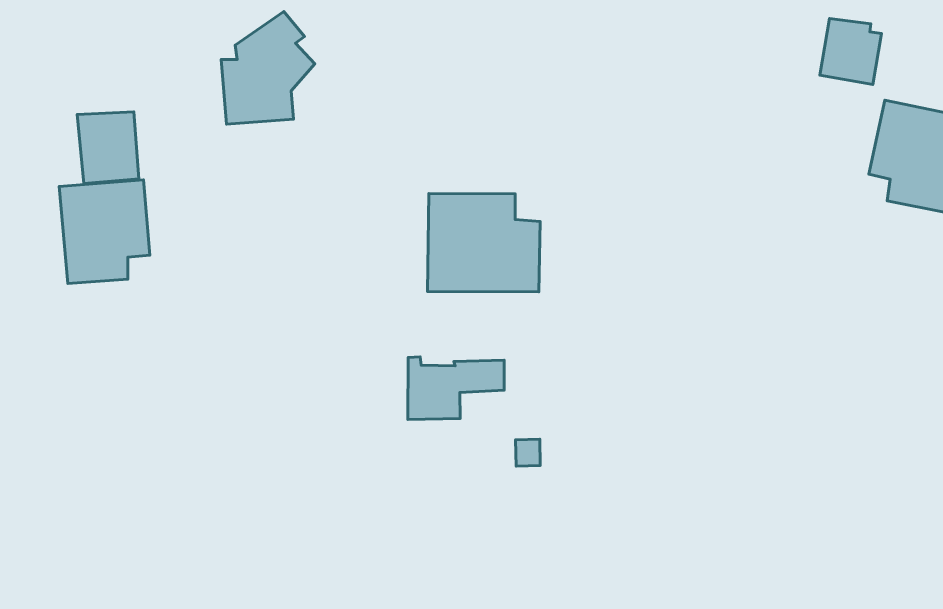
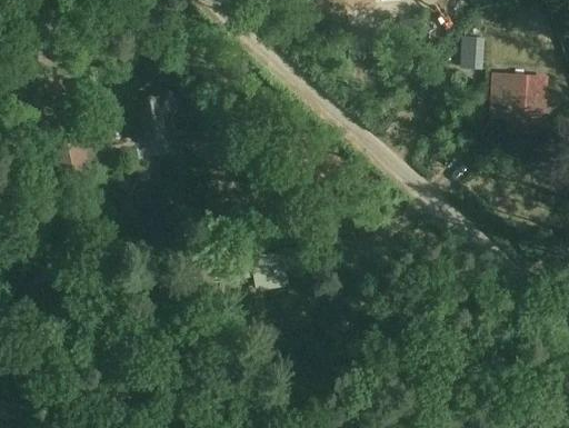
building: [59,180,150,283] -> none
building: [428,193,540,292] -> none

